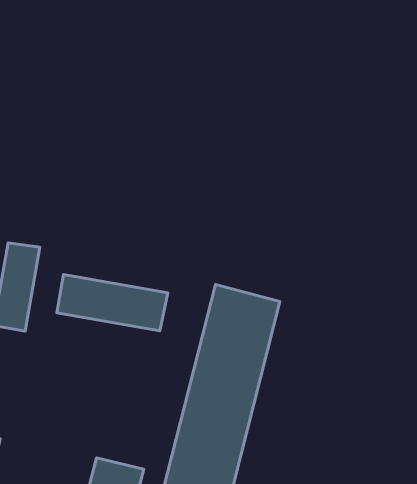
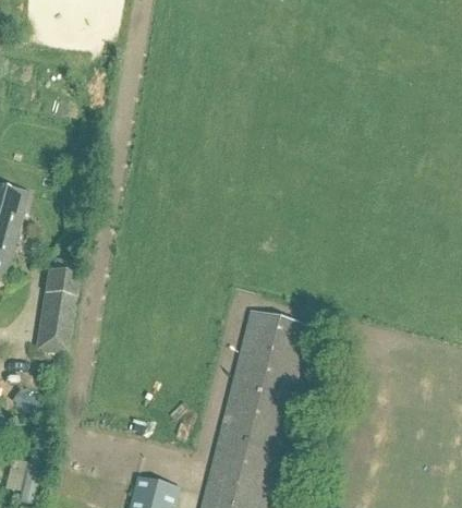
building: [57,275,168,331] -> none

